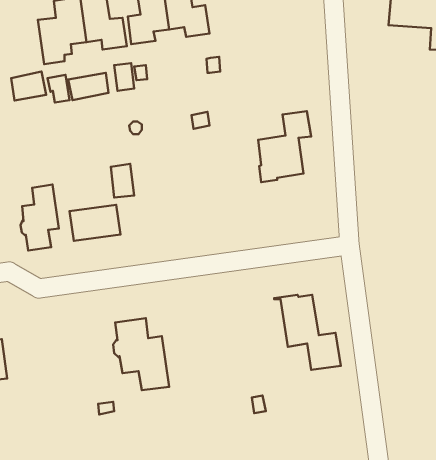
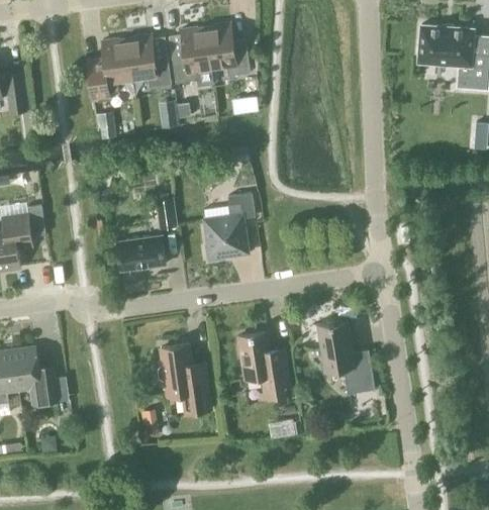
building: [11,72,46,100] -> none
building: [68,73,109,100] -> none
building: [258,111,311,182] -> [204,192,255,260]
building: [21,184,59,250] -> none
building: none -> [237,331,290,397]

